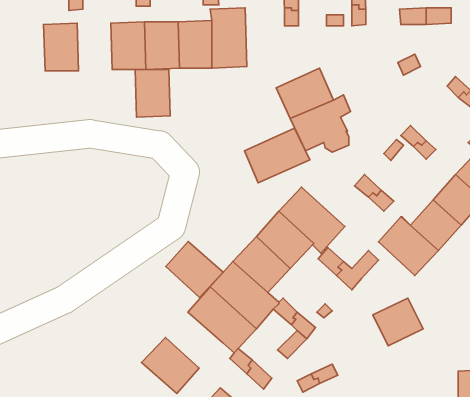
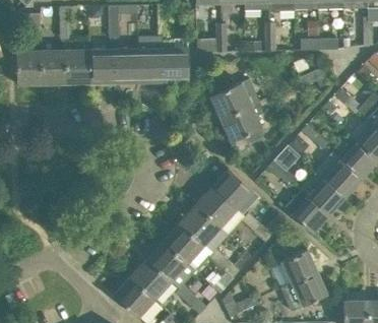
building: none -> [16,51,43,85]
building: [135,69,170,117] -> [66,50,91,84]
building: [244,128,310,183] -> none
building: [166,241,223,297] -> [130,259,172,300]
building: none -> [280,271,327,311]

